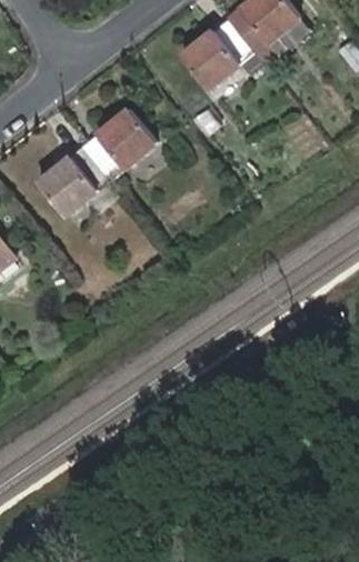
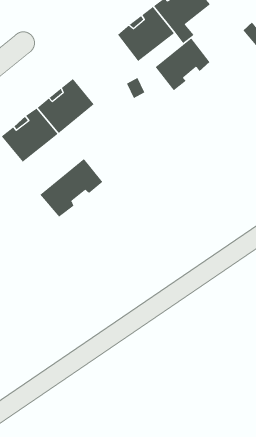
building: none -> [155,38,210,91]
building: none -> [40,158,103,218]

